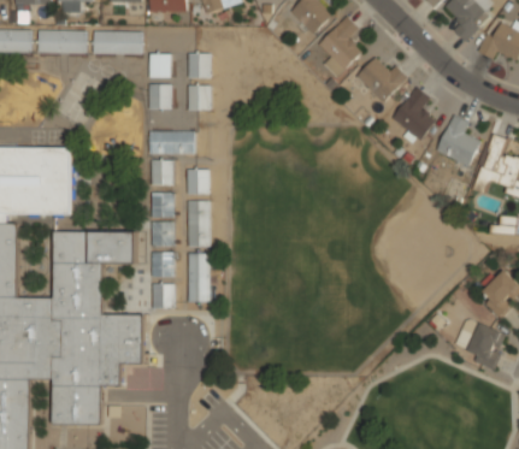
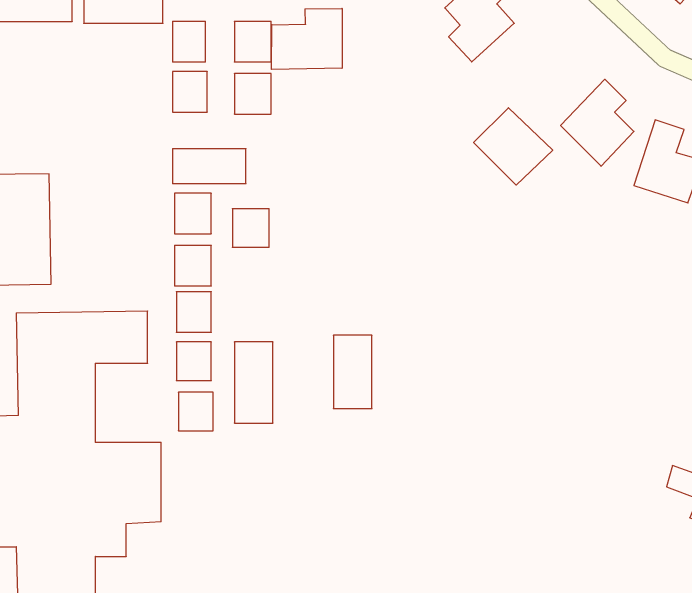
building: none -> [271,8,342,69]
building: [355,54,405,102] -> [474,108,553,185]
building: [185,200,210,246] -> [333,335,372,409]

